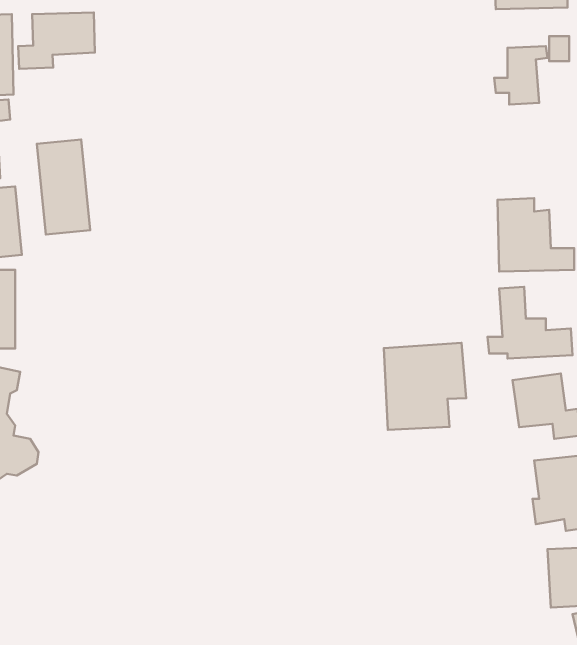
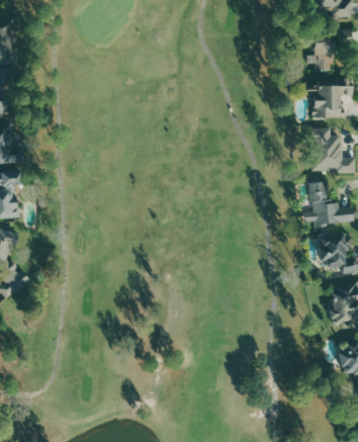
building: [18,12,95,69] -> none
building: none -> [314,79,352,117]
building: [37,140,90,235] -> none
building: [384,343,466,430] -> none

